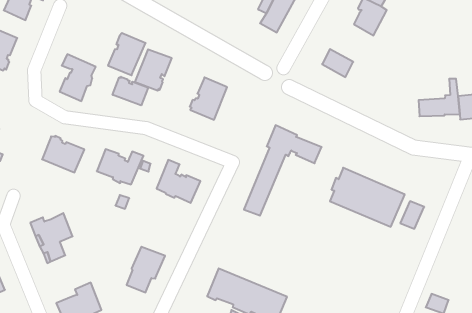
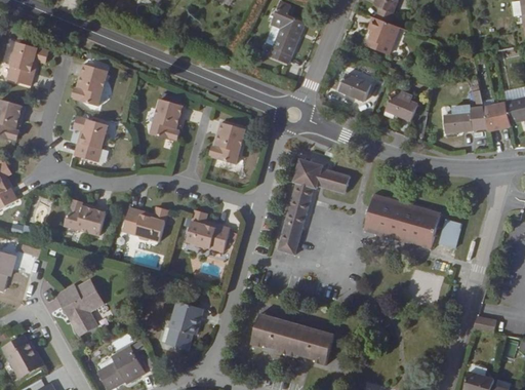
building: [108,33,146,75] -> [71,63,107,105]
building: none -> [386,92,417,121]
building: [113,77,148,105] -> none

